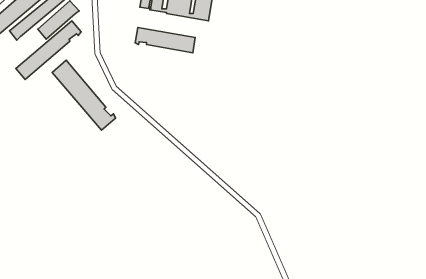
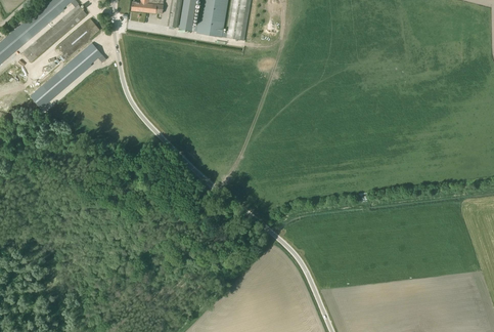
building: [135,28,195,53] -> none
building: [52,60,116,130] -> none

